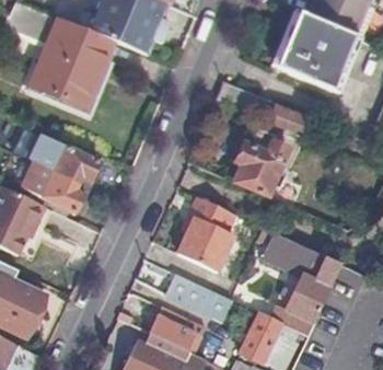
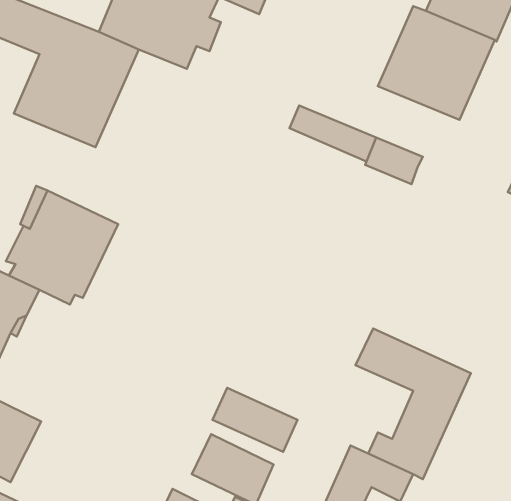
building: [234,125,287,196] -> none
building: [177,197,235,273] -> none

